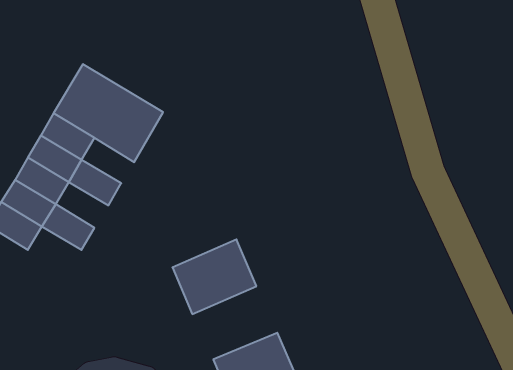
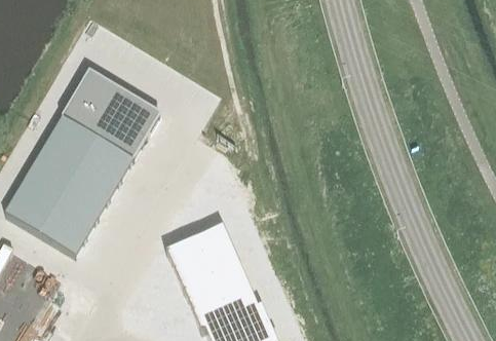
building: none -> [87,135,133,175]
building: none -> [65,174,111,214]
building: none -> [40,213,87,255]
building: none -> [185,265,260,330]

